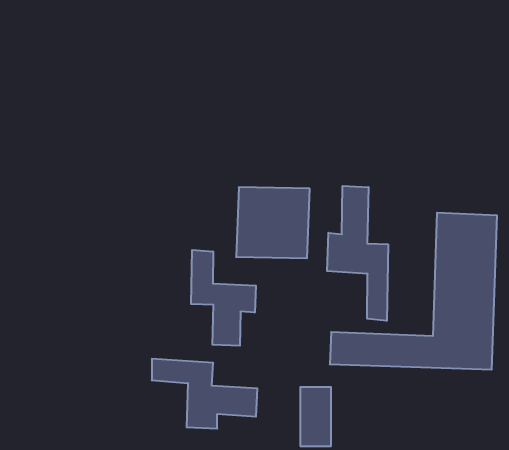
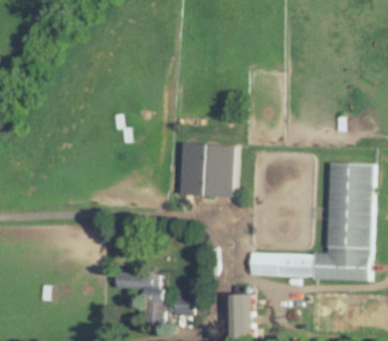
building: [327,186,388,321] -> none
building: [191,250,256,346] -> none

